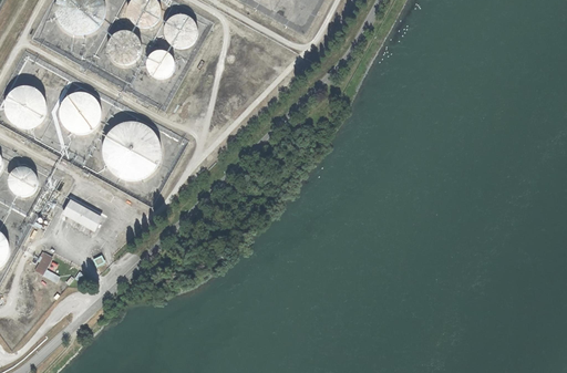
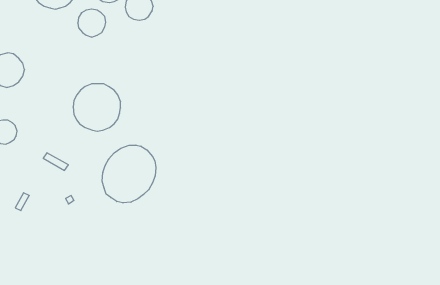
building: [146,49,175,77] -> none
building: [59,92,99,132] -> none
building: none -> [102,145,156,203]

